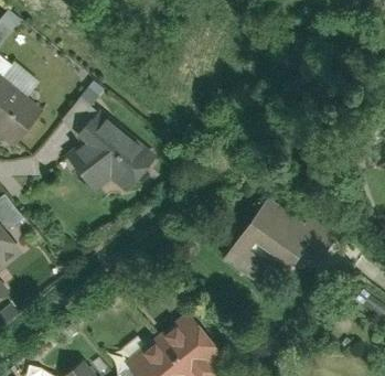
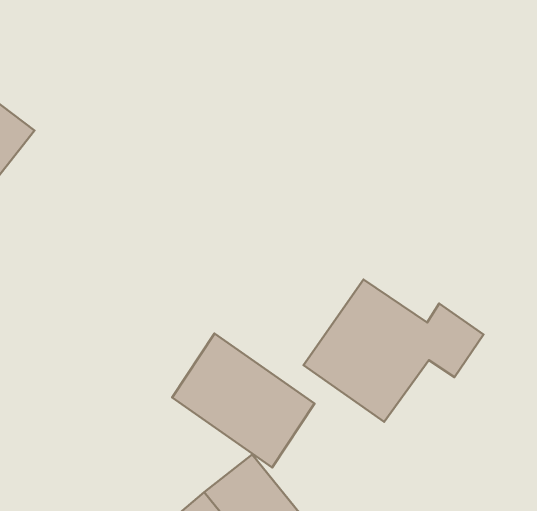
building: [55,109,153,195] -> none
building: none -> [172,334,315,468]

